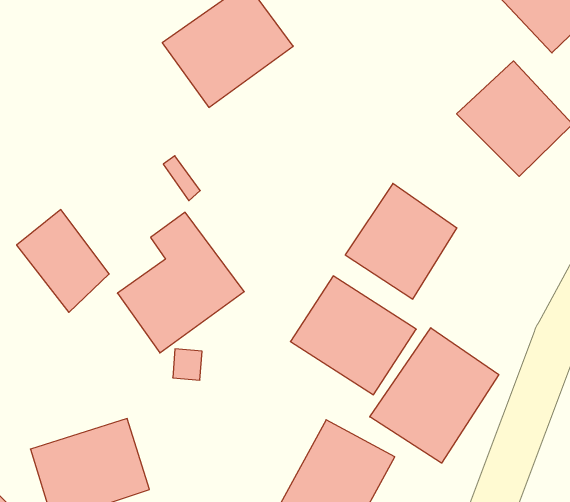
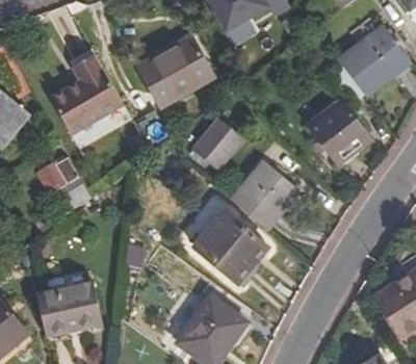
building: none -> [191,119,241,171]
building: [117,212,244,353] -> [49,54,123,134]
building: [370,328,499,463] -> none

